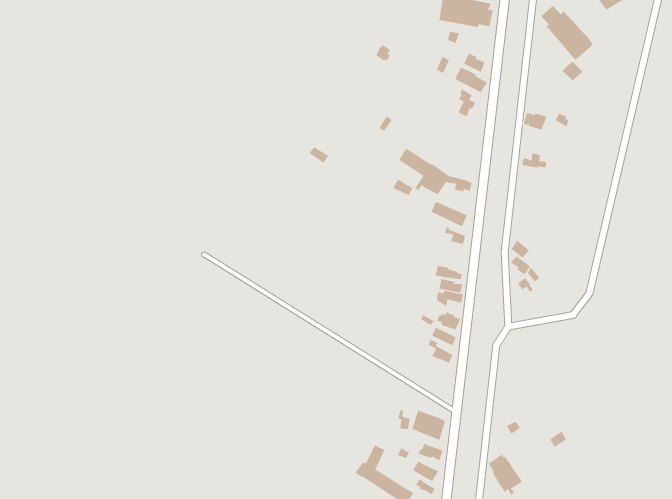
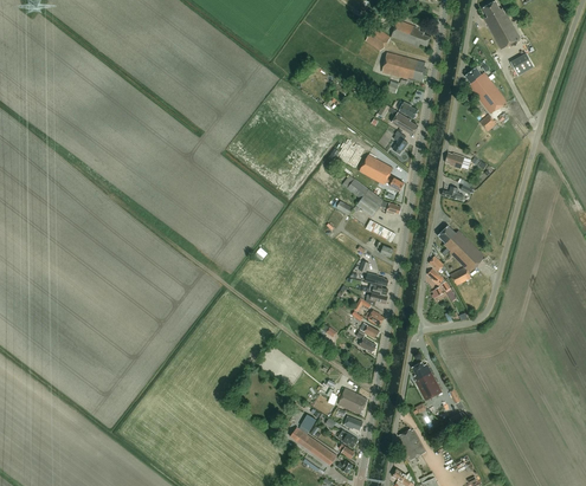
building: none -> [359,154,405,190]
building: none -> [438,225,485,285]
building: none -> [412,362,442,400]

